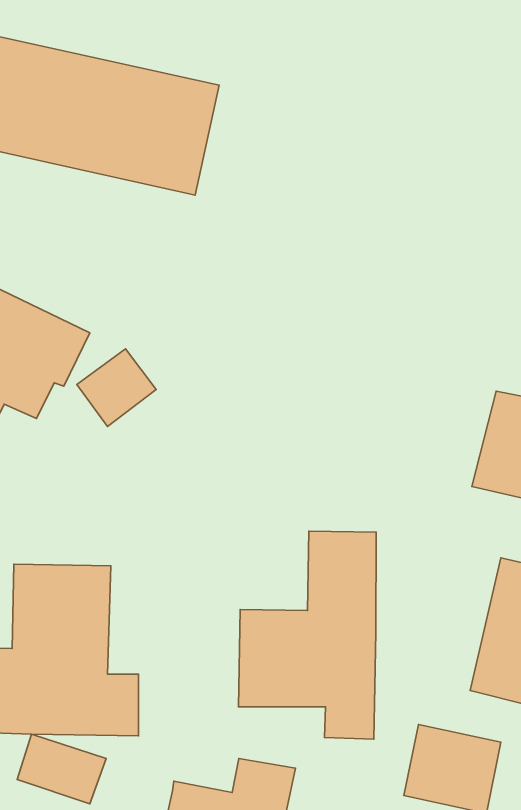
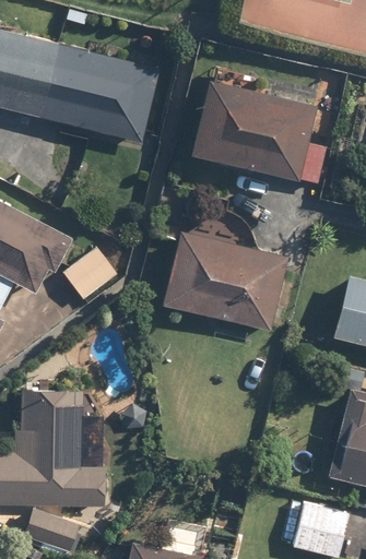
building: none -> [186,80,326,180]
building: none -> [160,206,287,331]
building: [238,531,376,739] -> none

